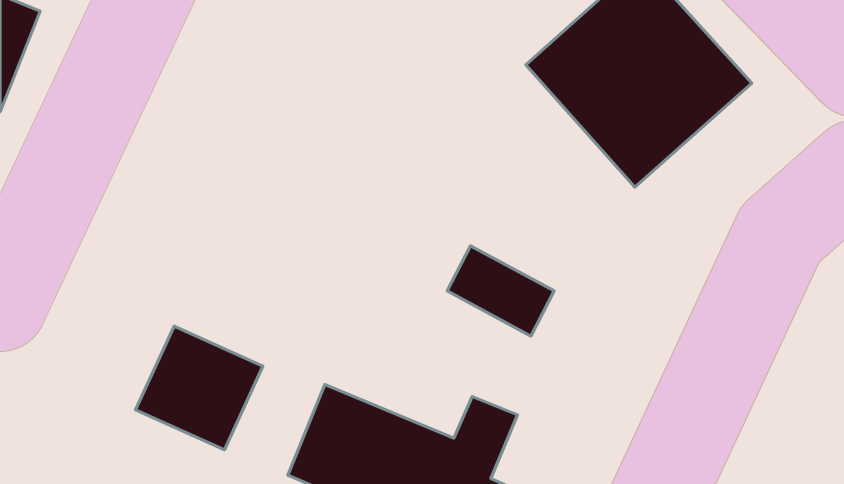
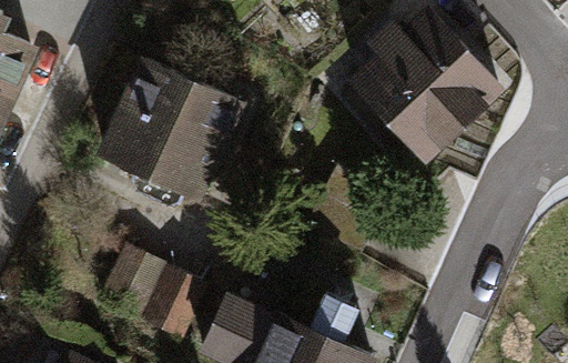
building: none -> [94,60,241,195]

